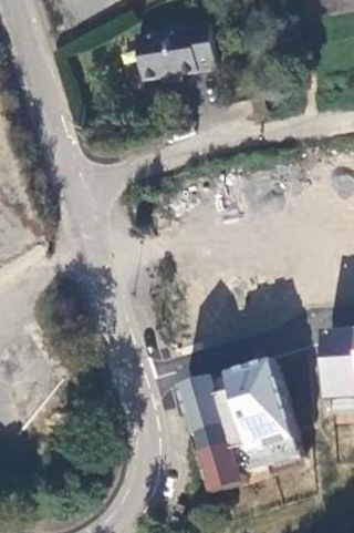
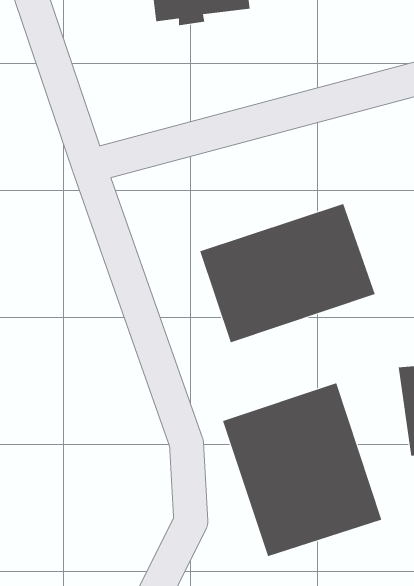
building: none -> [200,203,375,343]

